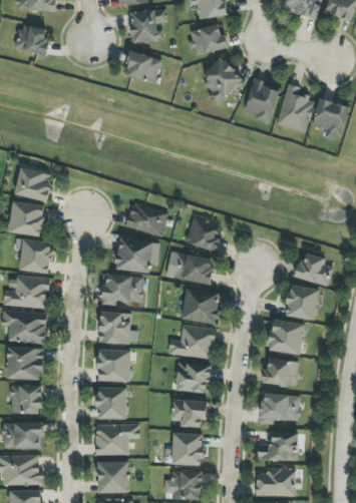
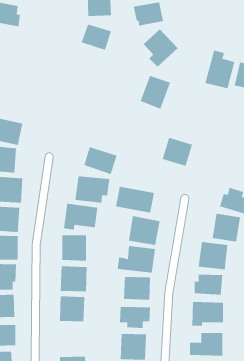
building: [243,80,281,122] -> [140,75,171,109]
building: [185,215,223,252] -> [162,137,193,166]
building: [95,424,140,456] -> none

